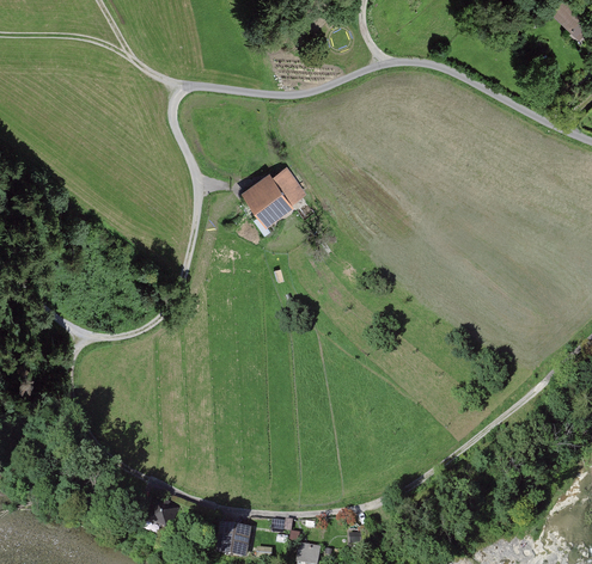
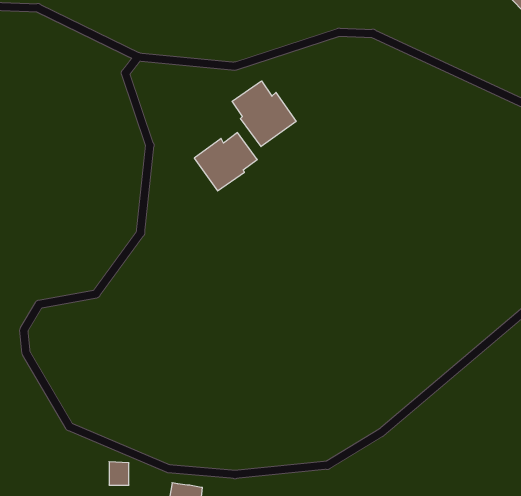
building: none -> [232,81,296,147]

